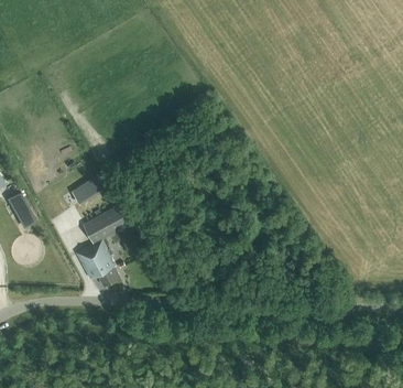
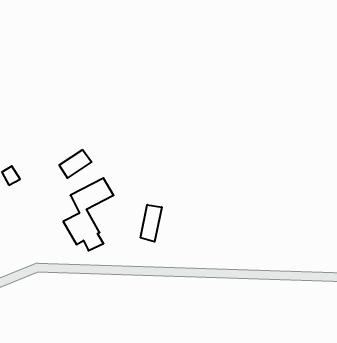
building: none -> [141,205,162,242]

